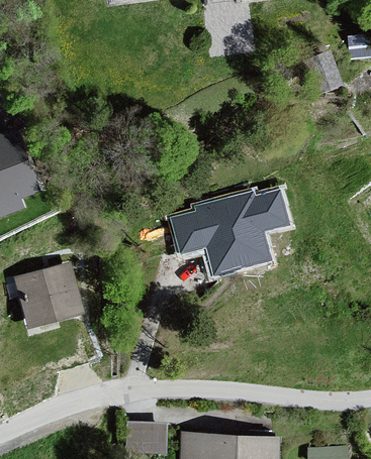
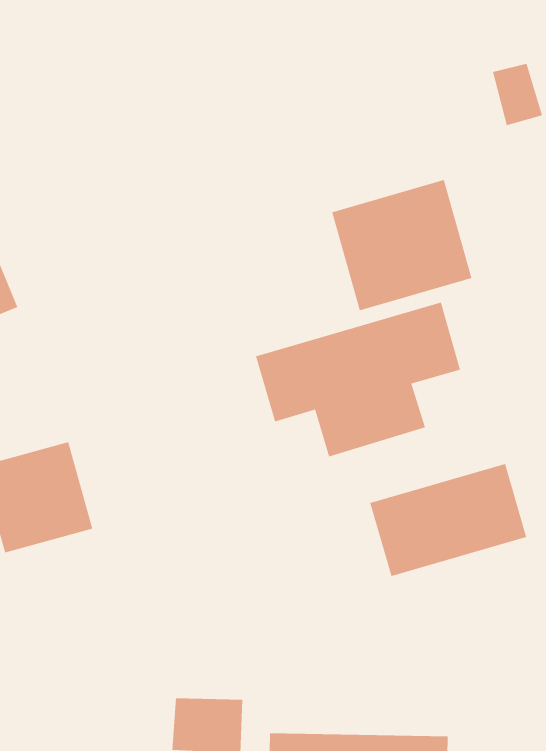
building: none -> [331,179,472,311]
building: none -> [370,463,527,577]

